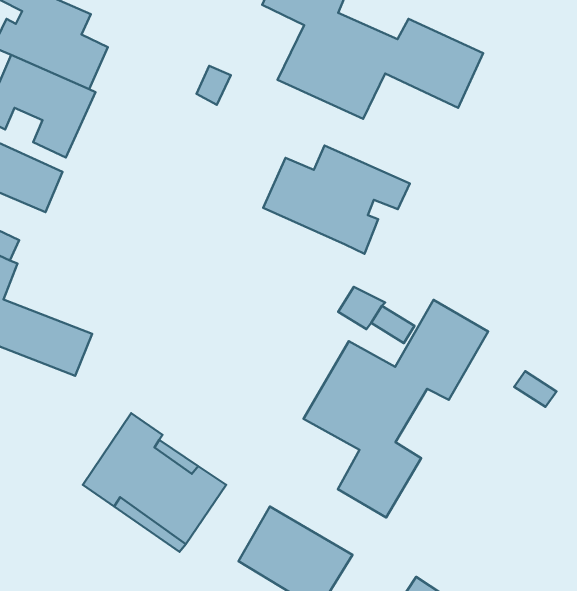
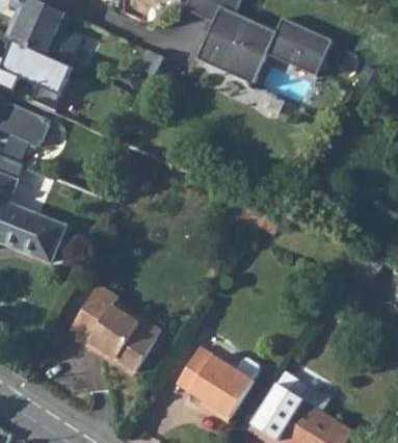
building: [263,145,410,254] -> none
building: [304,300,488,517] -> none

